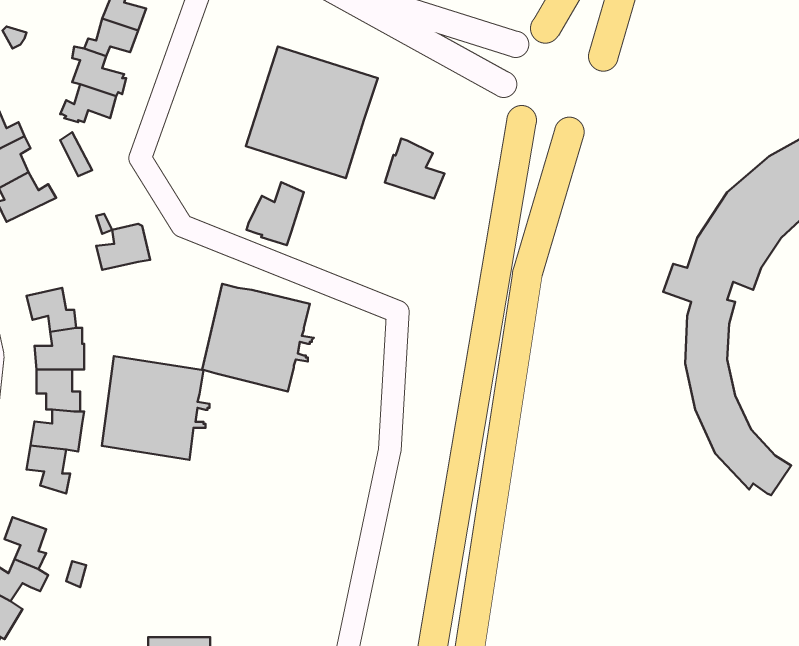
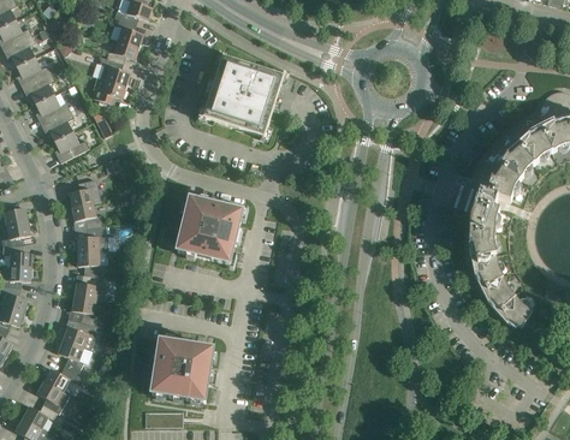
building: [385,138,444,198] -> none
building: [246,182,304,245] -> none
building: [96,224,150,270] -> [67,178,100,206]
building: [102,356,210,460] -> [152,339,216,402]
building: none -> [63,320,97,349]

